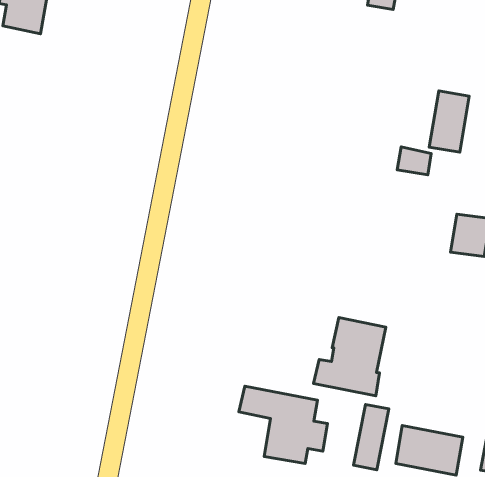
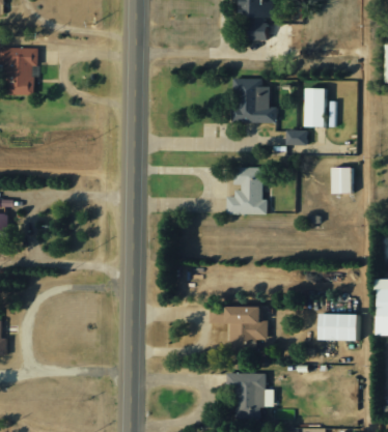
building: none -> [231,78,277,122]
building: [314,318,386,396] -> [225,167,268,214]
building: [354,404,389,470] -> none

